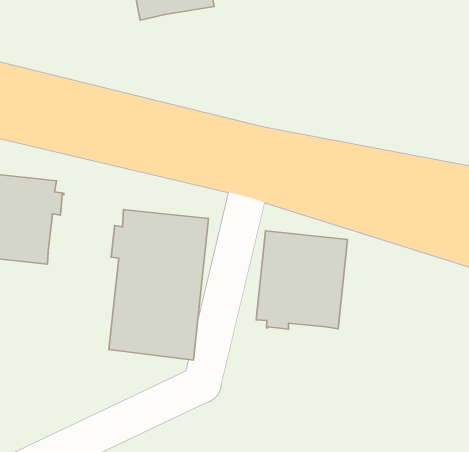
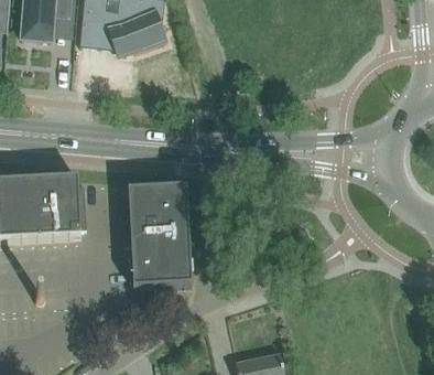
building: [256,231,348,329] -> none

